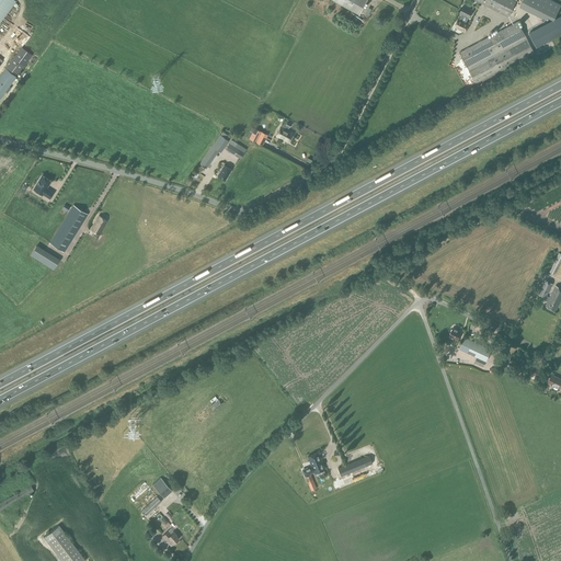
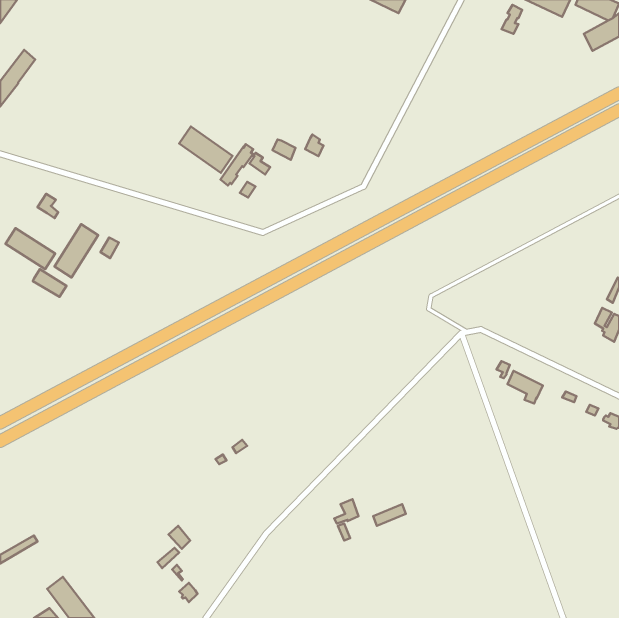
building: [459,20,535,83] -> none
building: none -> [179,127,233,173]
building: none -> [5,228,55,269]

